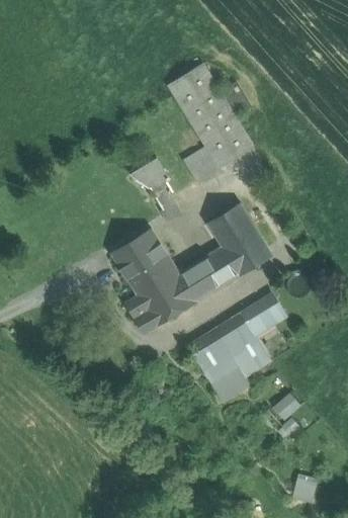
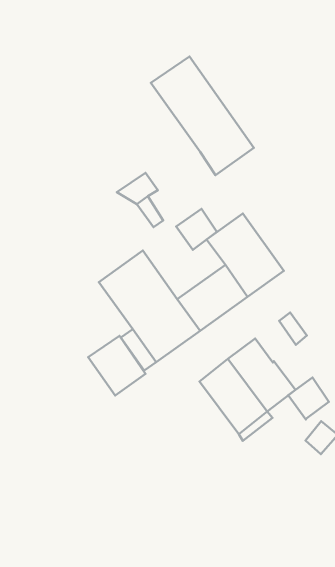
building: [184,149,219,183] -> [176,209,217,250]
building: none -> [88,336,146,396]
building: [239,300,273,336] -> [288,378,329,419]

